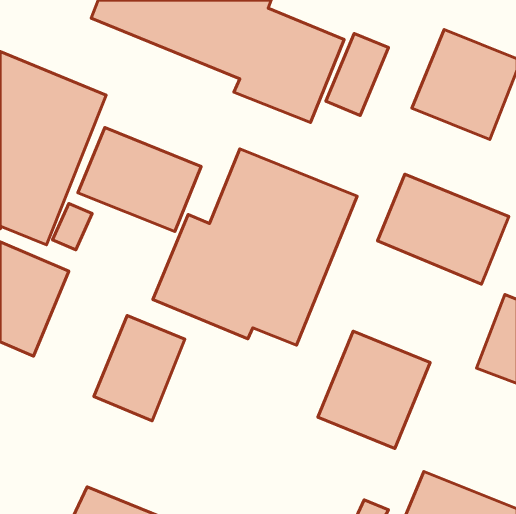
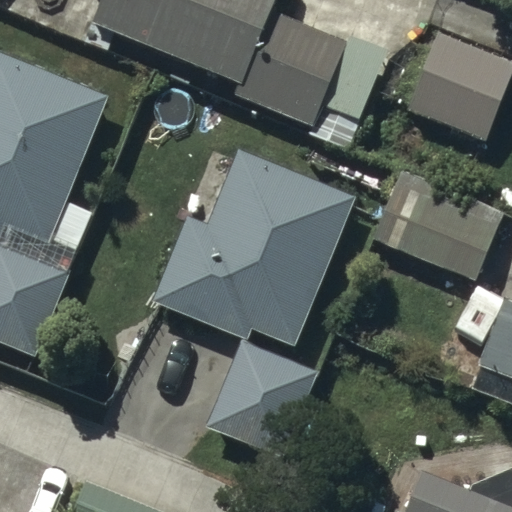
building: [78,127,201,232] -> none
building: [94,315,185,421] -> none
building: [318,331,430,448] -> [206,340,317,456]

